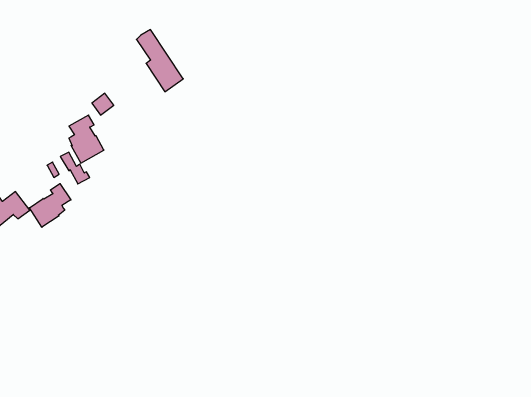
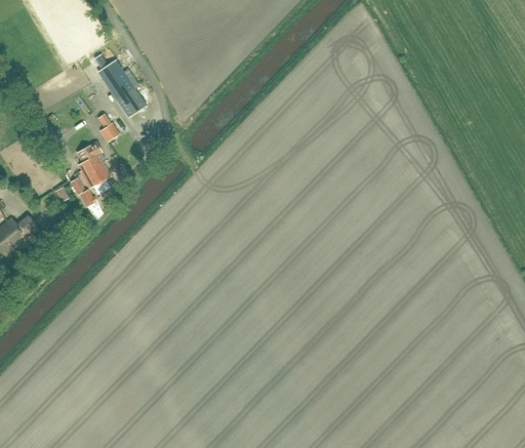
building: [136,30,183,92] -> [103,59,147,118]
building: [29,184,71,227] -> none

